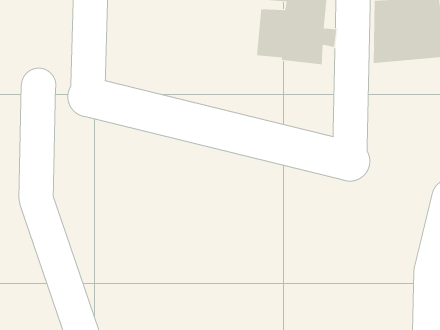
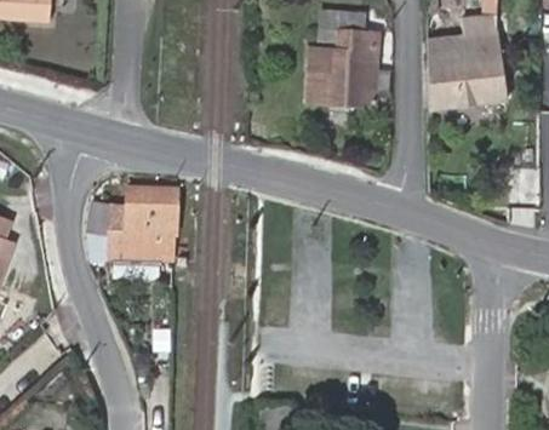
building: none -> [88,185,177,258]

